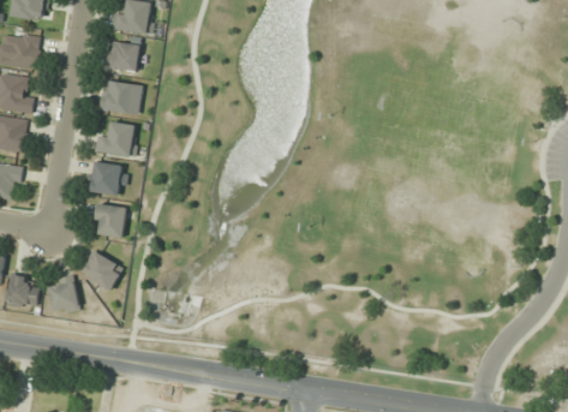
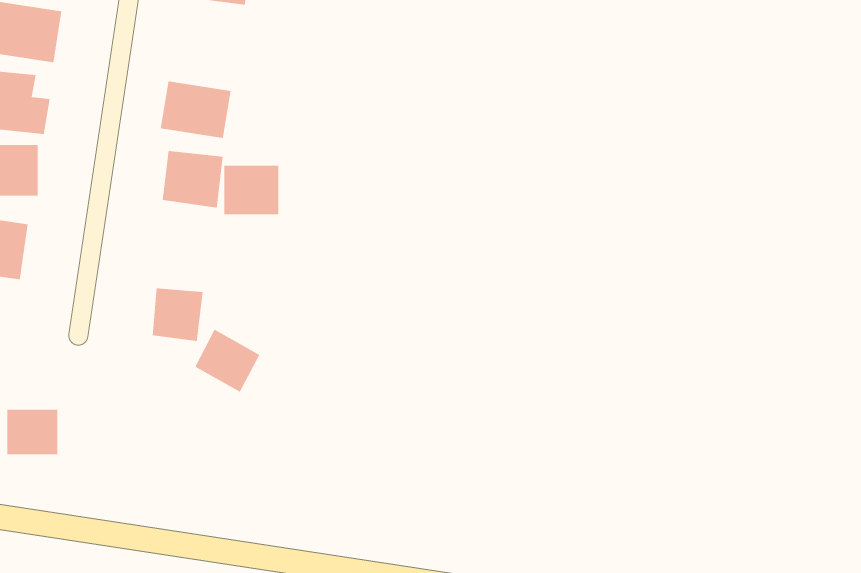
building: [108,42,137,68] -> none
building: [91,163,125,193] -> [224,165,279,215]
building: [82,251,121,289] -> [194,329,260,393]
building: [47,275,79,314] -> none

